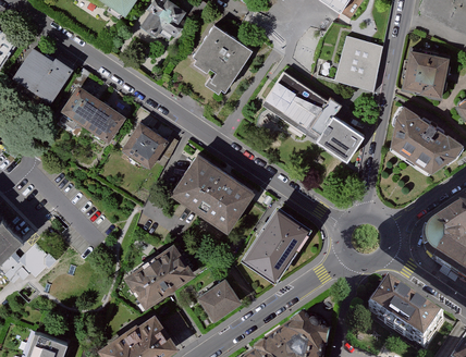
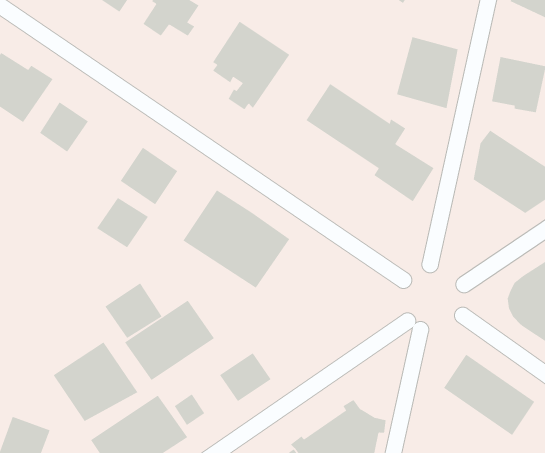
building: [83,101,123,140] -> [96,197,149,248]
building: [246,209,307,275] -> none
building: none -> [105,282,163,339]
building: none -> [53,341,138,422]

